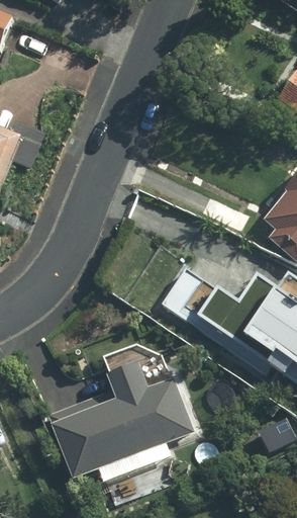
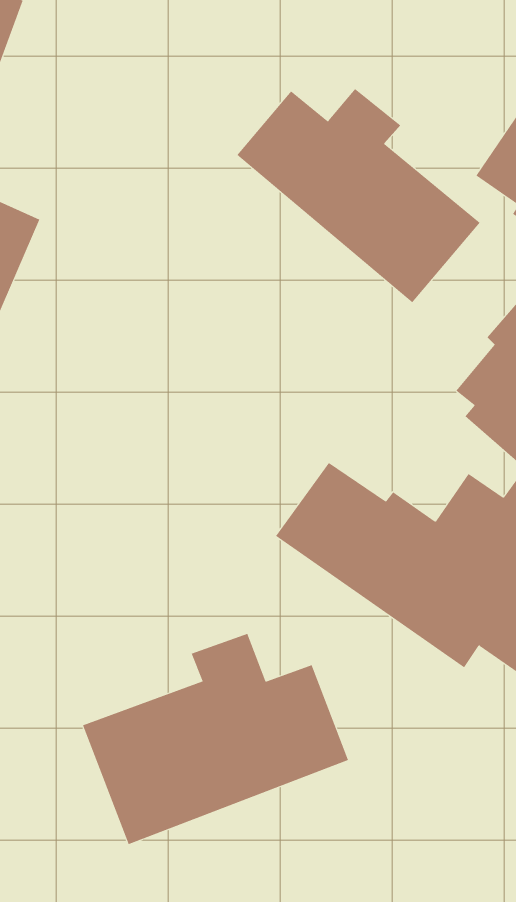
building: none -> [237,88,481,303]

